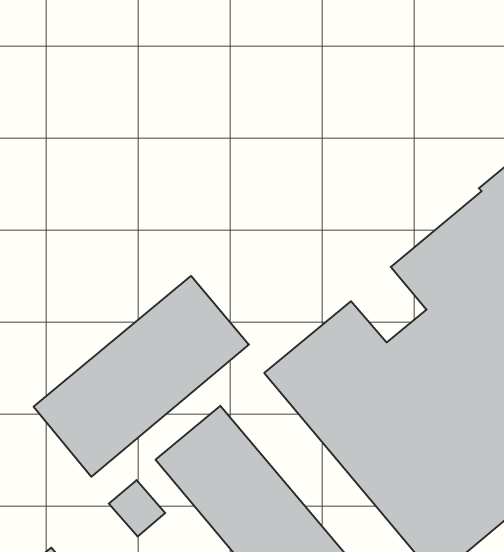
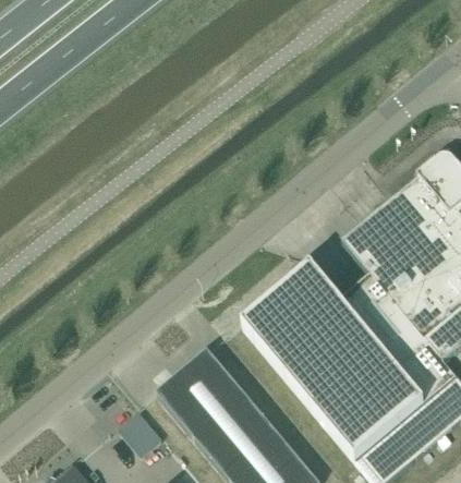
building: [34,276,249,477] -> none

